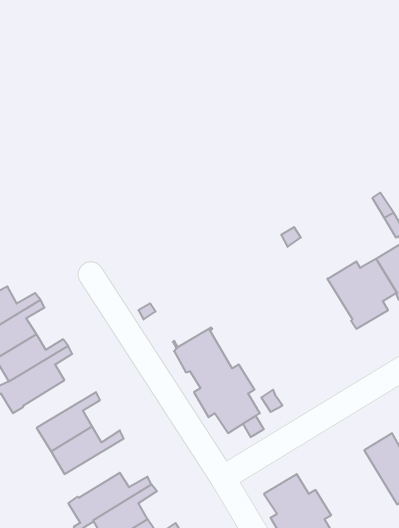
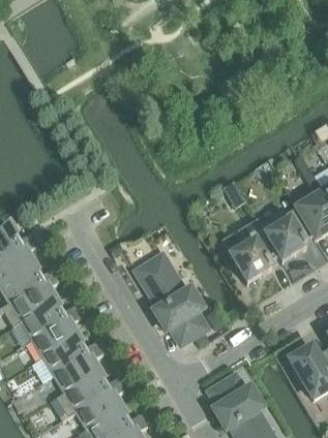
building: none -> [220,218,278,283]
building: none -> [21,302,78,339]
building: none -> [53,347,103,394]

